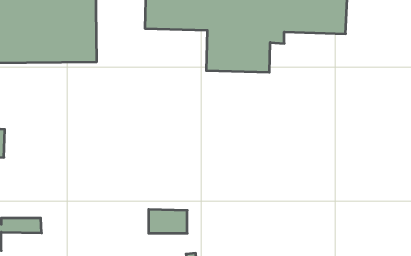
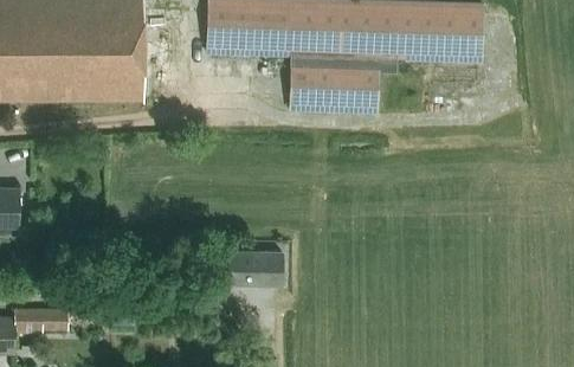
building: [149,209,187,233] -> [230,251,282,283]

